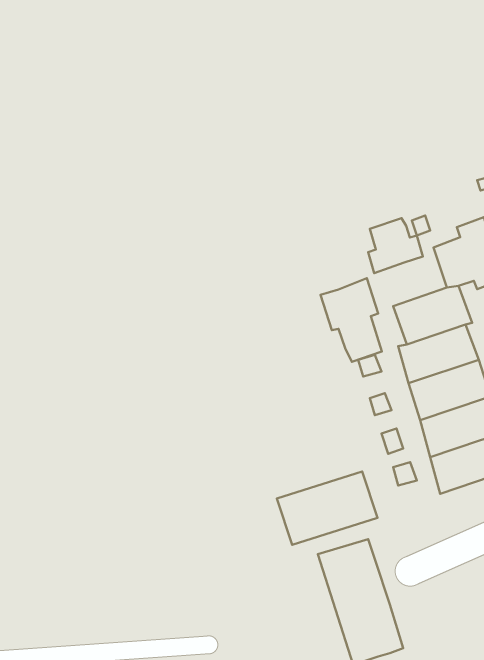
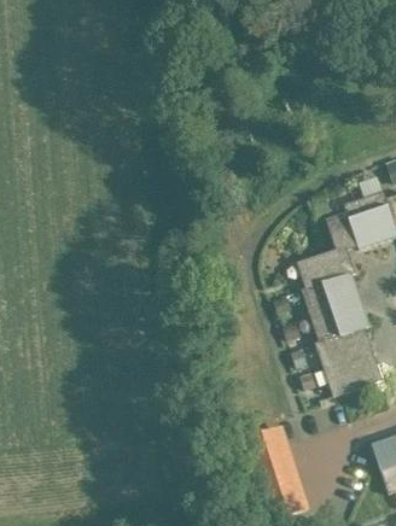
building: [368,218,423,273] -> none
building: [321,278,382,362] -> none
building: [277,472,377,545] -> none

